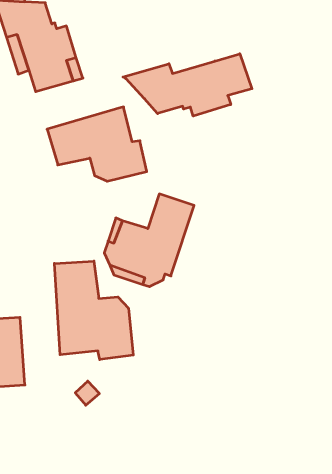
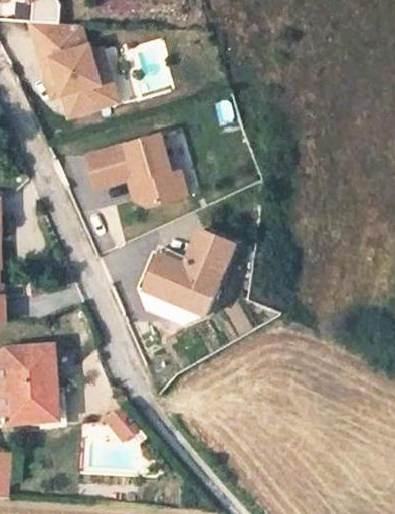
building: [123,54,252,116] -> none
building: [54,261,133,360] -> none

